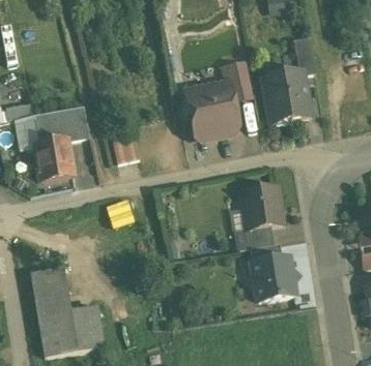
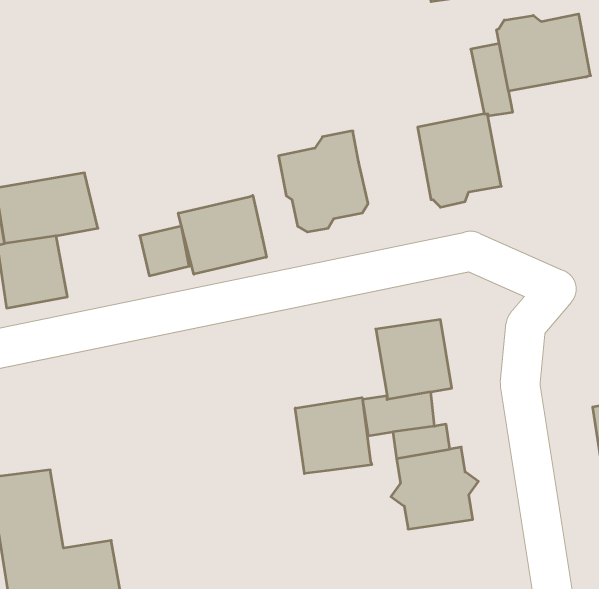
building: none -> [497,14,591,91]
building: [224,63,253,100] -> none
building: none -> [178,195,266,274]
building: none -> [295,398,372,474]

